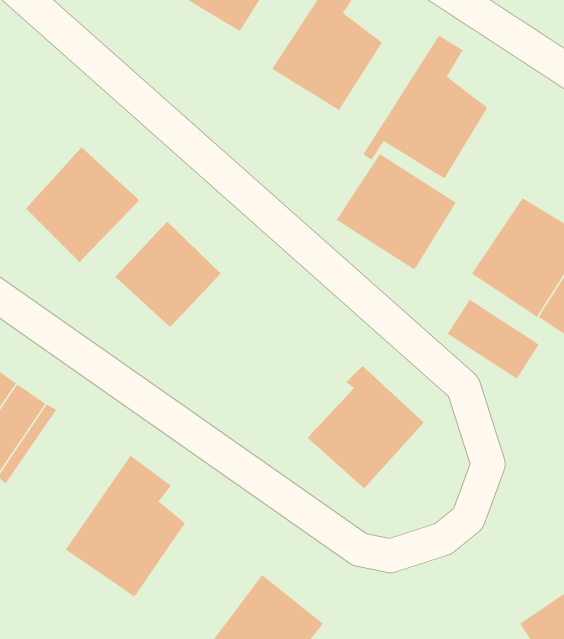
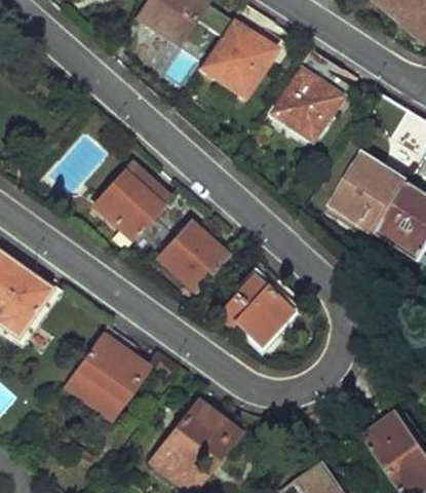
building: [25,146,139,264] -> none
building: [336,153,456,270] -> none
building: [447,299,540,379] -> none
building: none -> [160,224,228,292]

